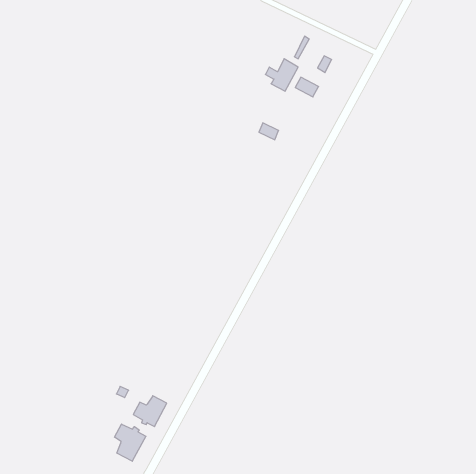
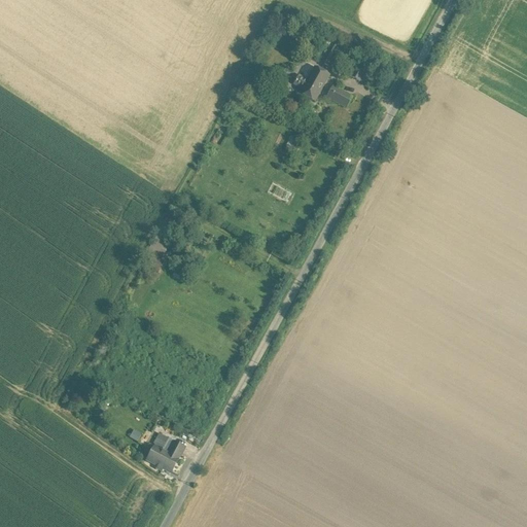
building: [115,424,146,461] -> none

